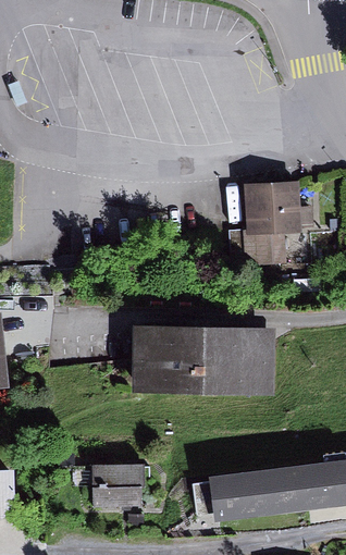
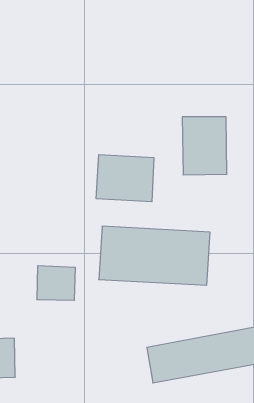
building: none -> [96,155,154,202]
building: [92,464,143,508] -> [37,266,75,300]

